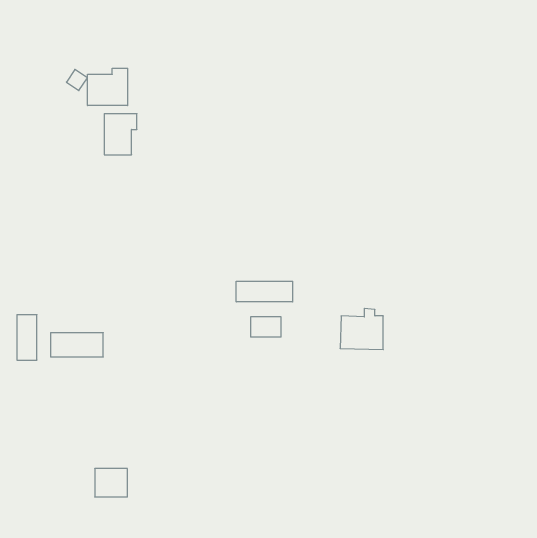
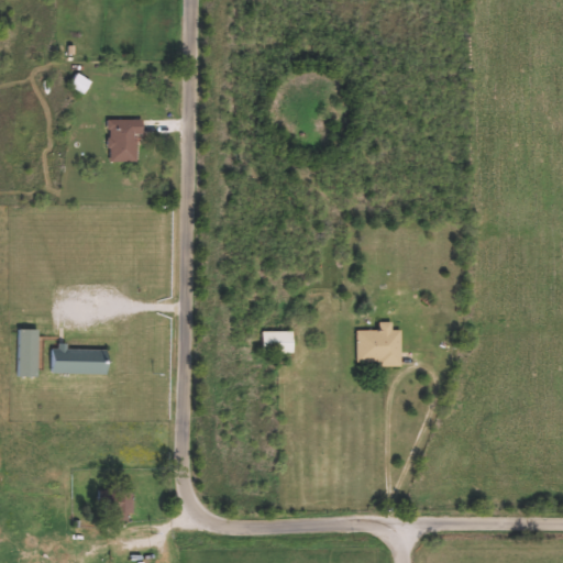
building: [88,68,128,106] -> none
building: [236,281,293,302] -> none

